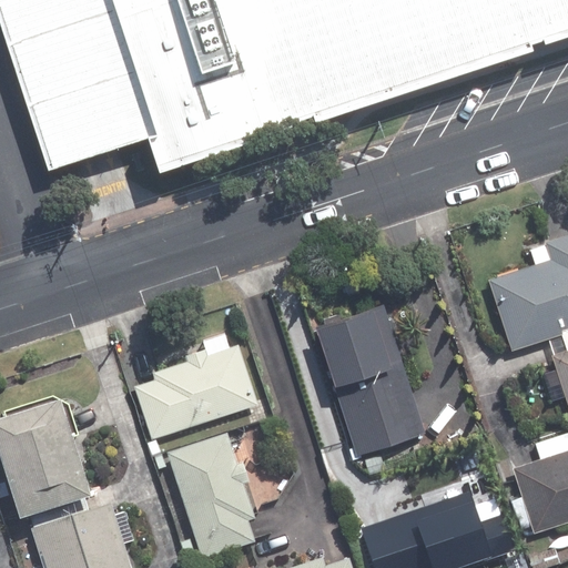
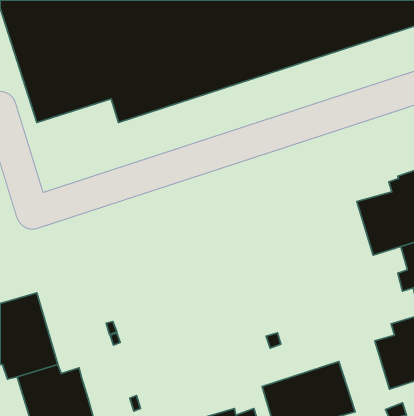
building: [316,304,425,452] -> none
building: [134,342,260,437] -> none
building: [166,433,255,559] -> none

